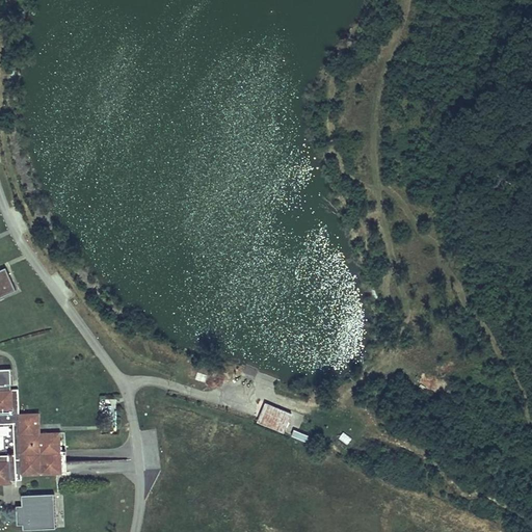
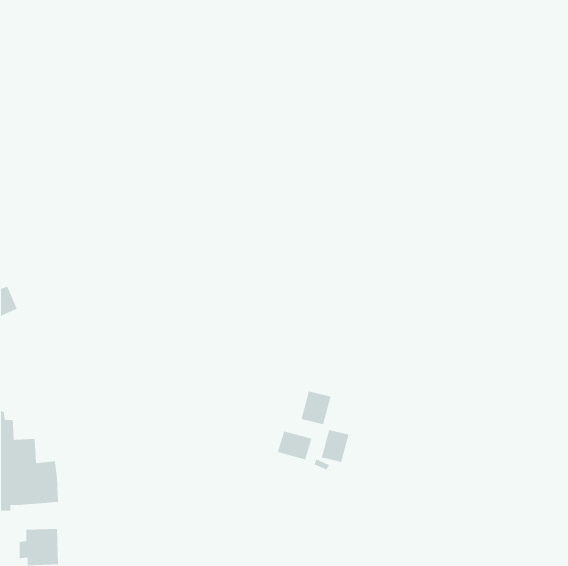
building: none -> [301,391,332,425]
building: none -> [321,429,350,463]

